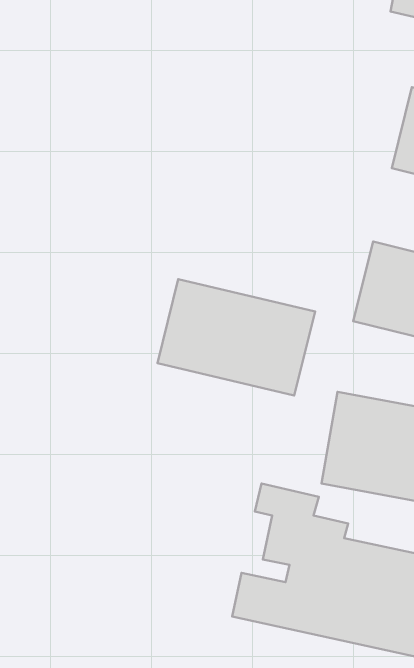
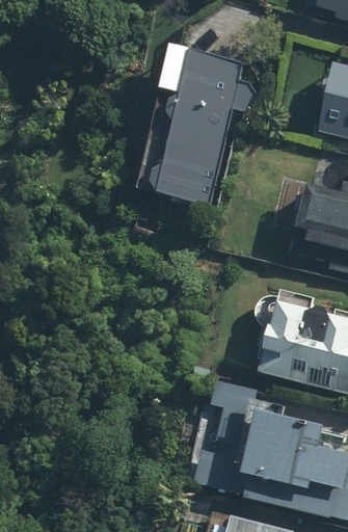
building: none -> [150,35,261,197]
building: [158,279,315,395] -> none

